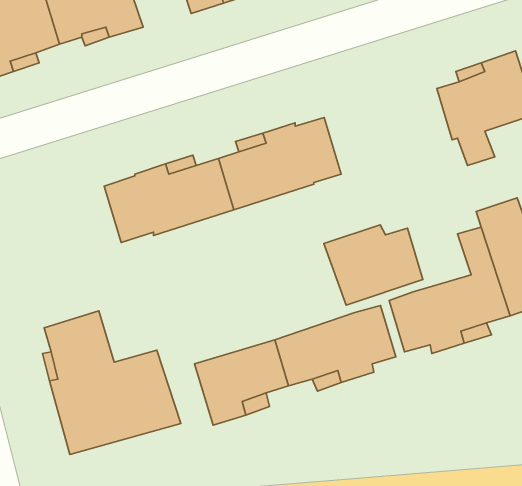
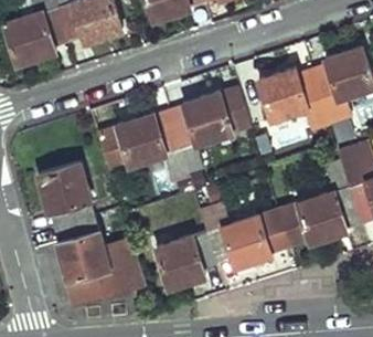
building: [324,225,423,305] -> [258,70,322,122]
building: none -> [38,164,94,227]

